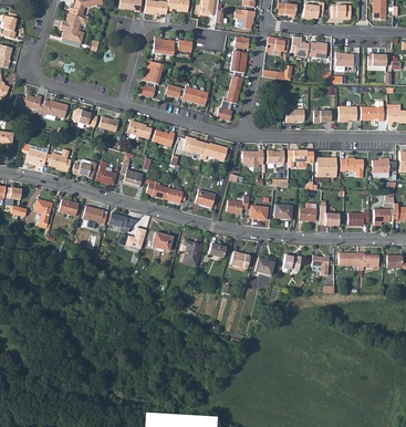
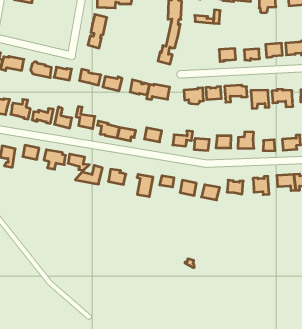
building: [166,83,209,105] -> none

